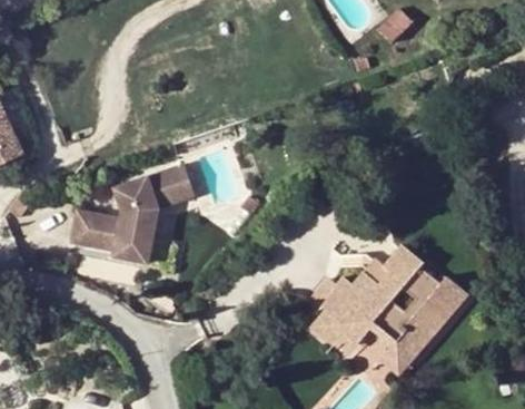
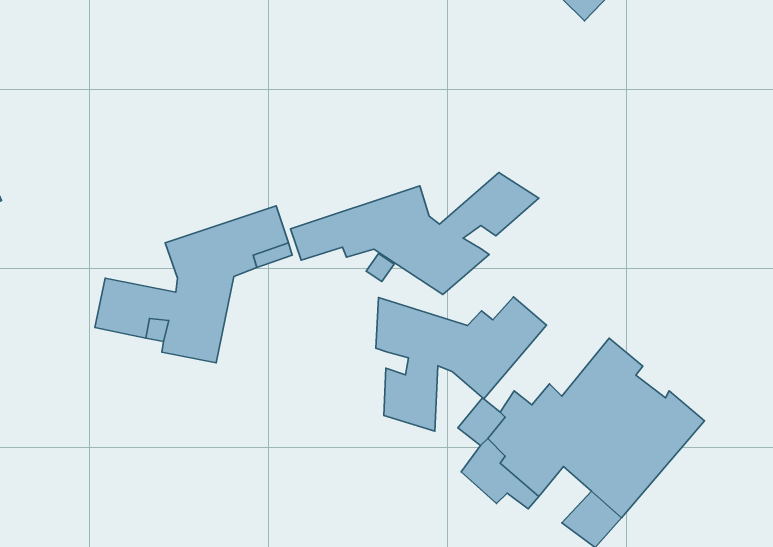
building: none -> [291,172,539,294]
building: none -> [376,297,547,431]

